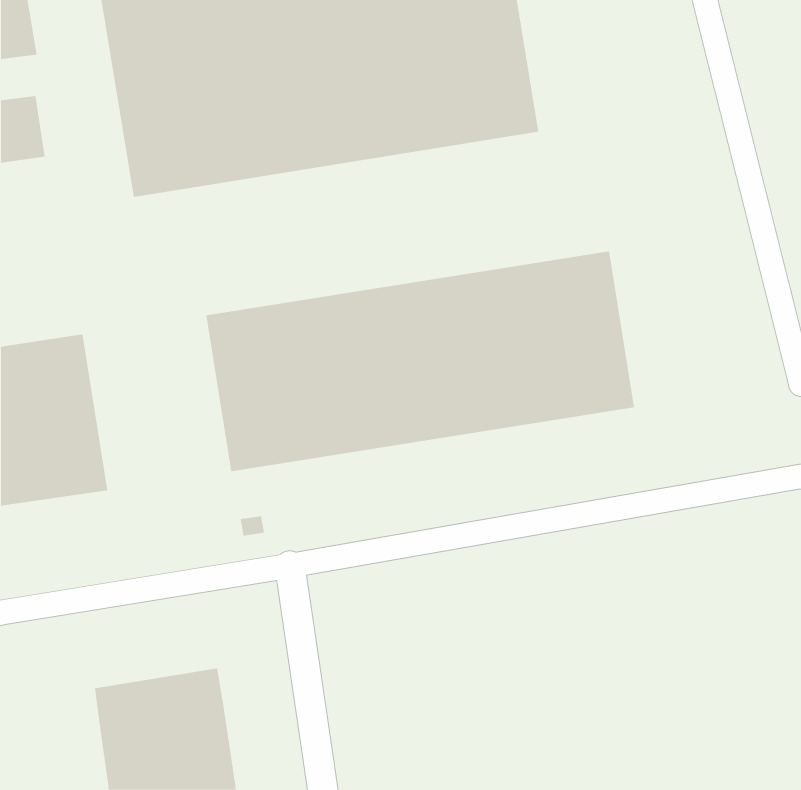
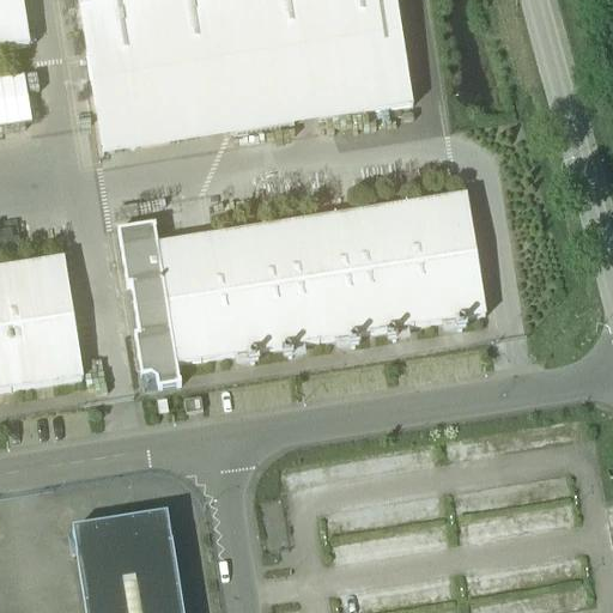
building: none -> [117,220,181,384]

